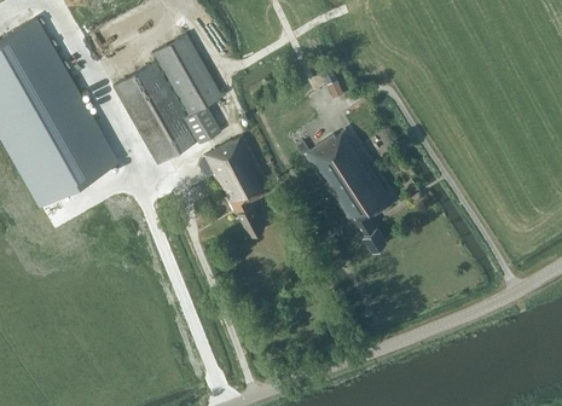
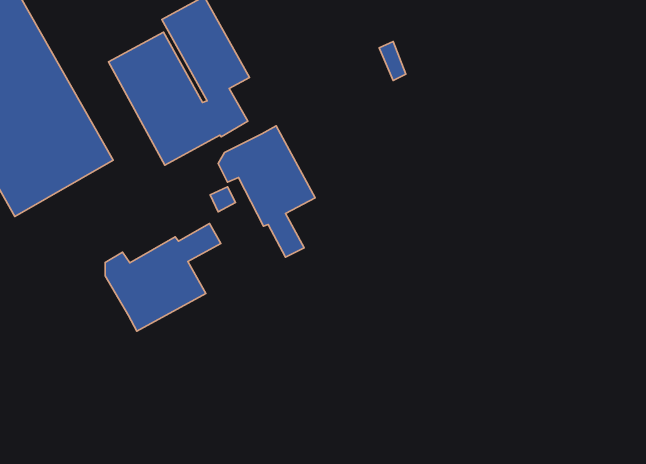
building: [296,130,393,253] -> none
building: none -> [105,224,221,331]

